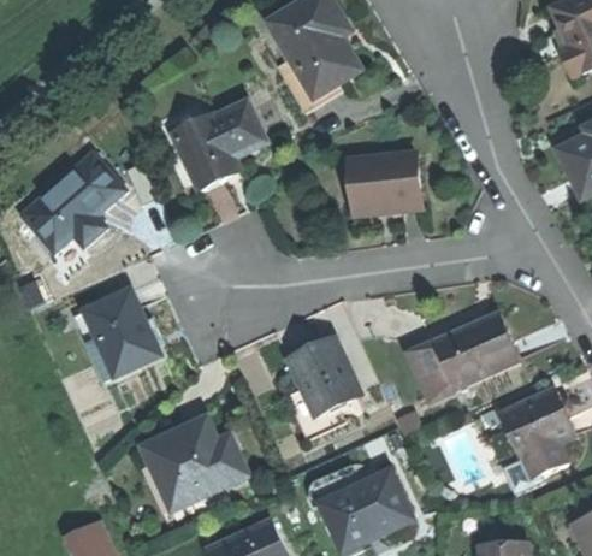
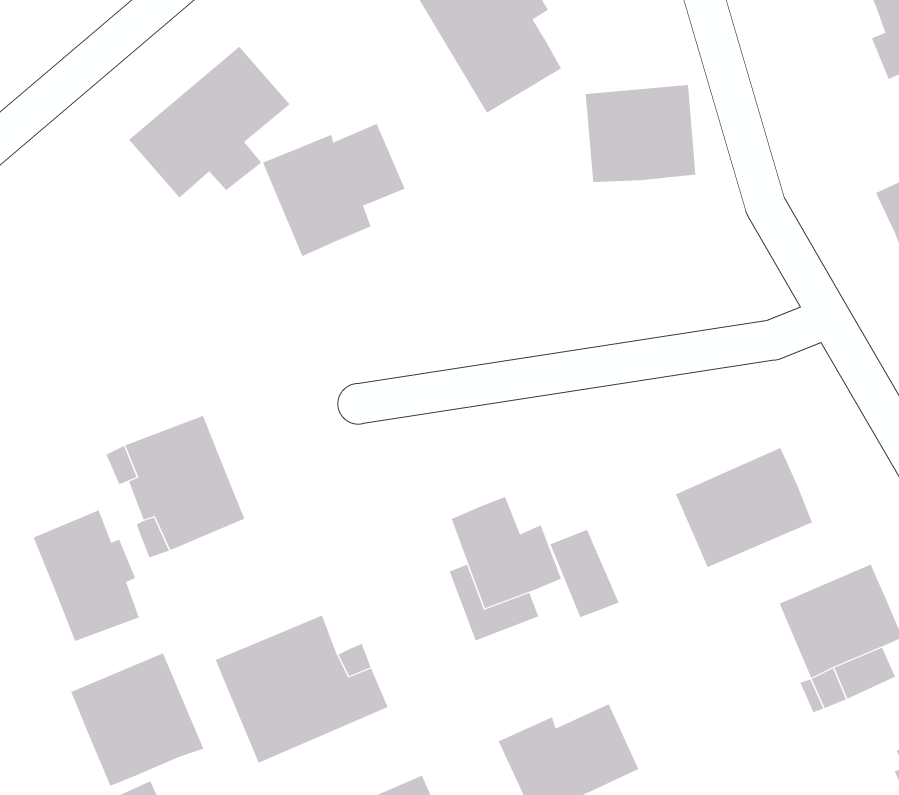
building: [347,150,418,213] -> [585,85,696,183]
building: [20,153,124,250] -> [128,46,290,198]
building: [409,341,454,397] -> [550,529,619,618]
building: none -> [33,509,140,642]
building: none -> [71,652,204,786]

